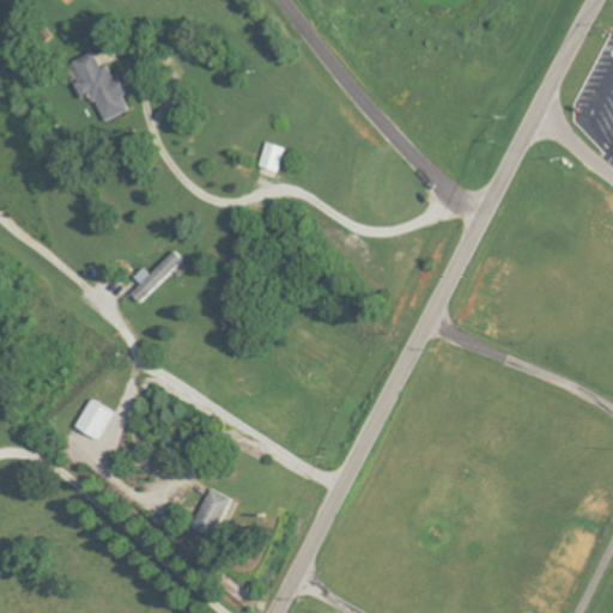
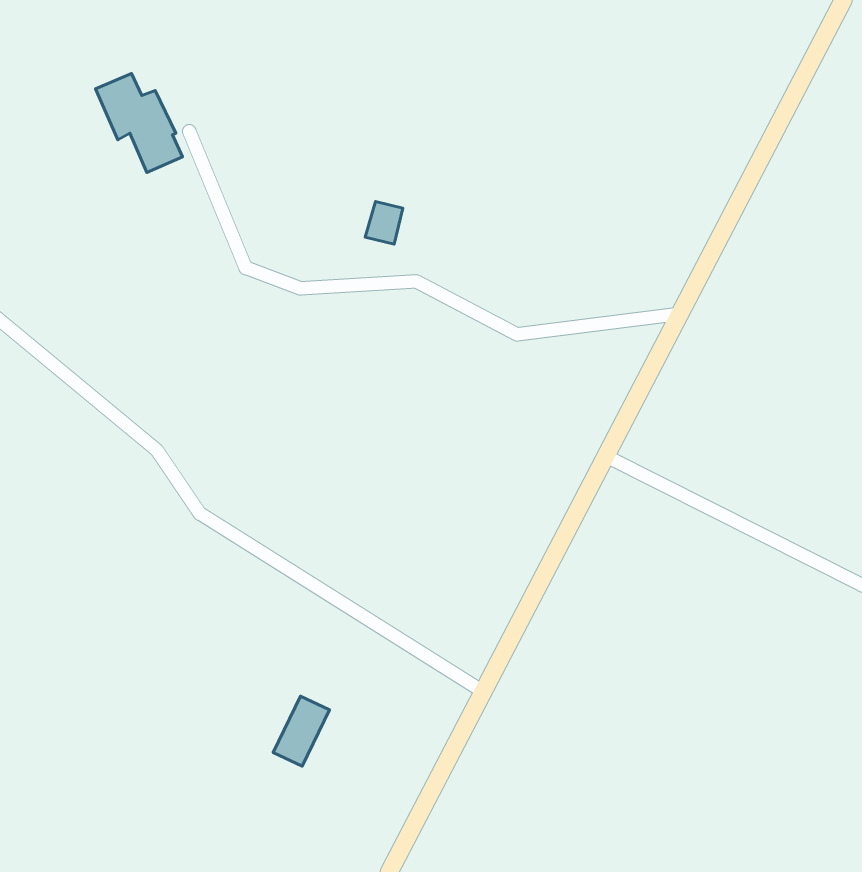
building: [131,251,182,302] -> none
building: [75,399,111,438] -> none

